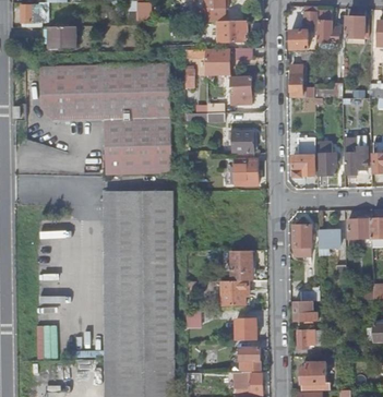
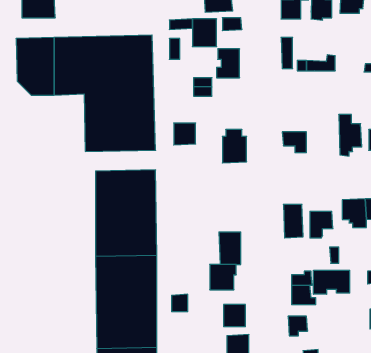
building: [232,131,253,152] -> [174,123,196,145]
building: [318,142,336,175] -> none
building: none -> [314,270,350,294]

